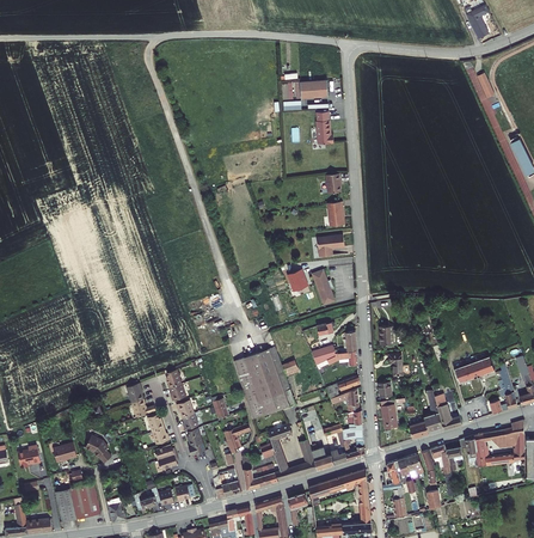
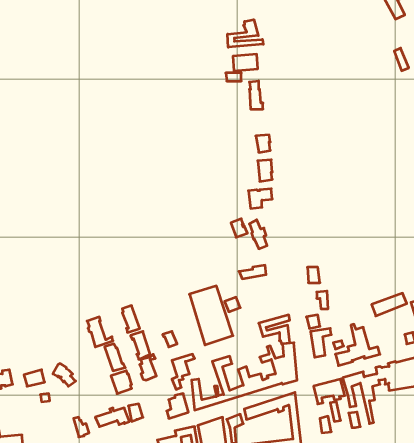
building: none -> [228,20,263,47]
building: [311,331,357,368] -> none
building: [55,482,99,520] -> none

